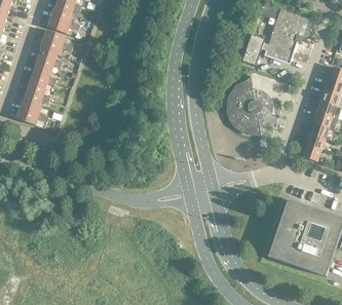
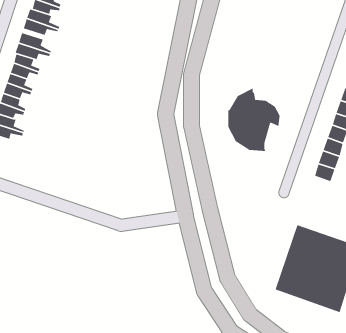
building: [240,8,303,65] -> none

